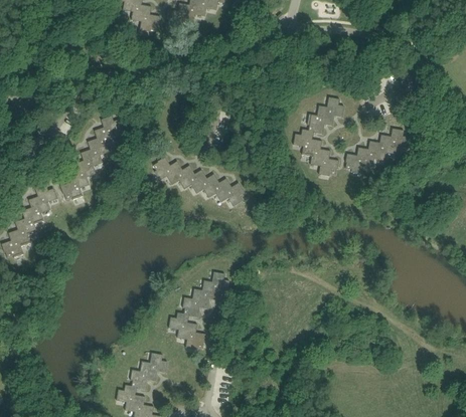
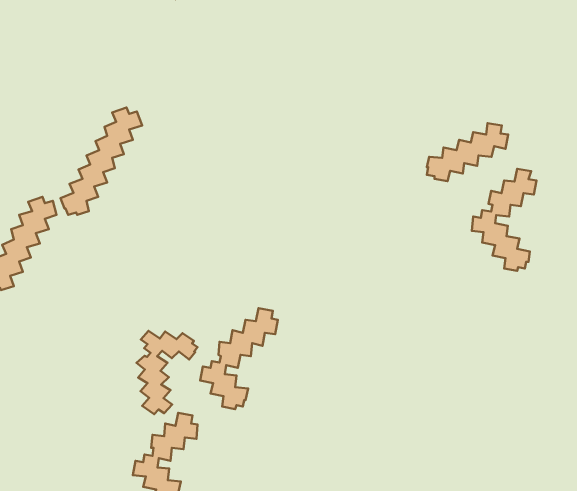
building: [295,96,345,176] -> [472,169,536,271]
building: [154,157,246,206] -> none
building: none -> [136,331,198,414]

